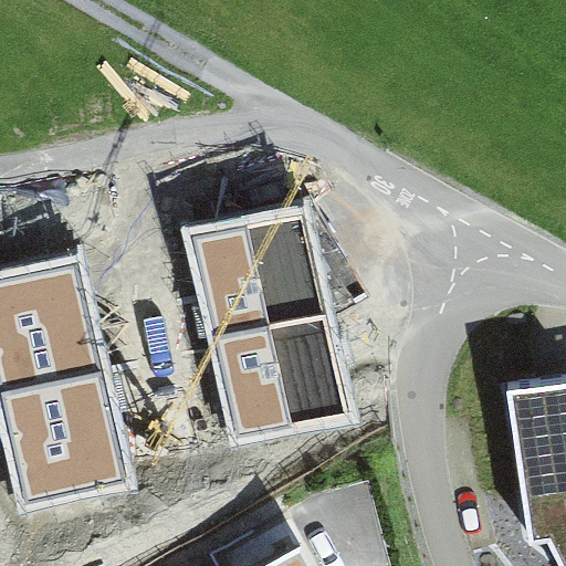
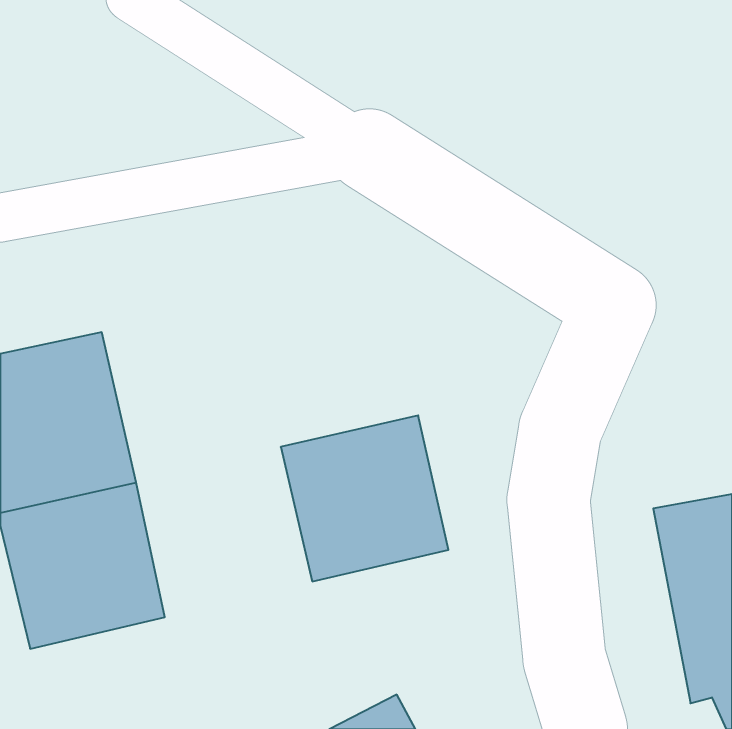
building: [189,203,323,345] -> none

